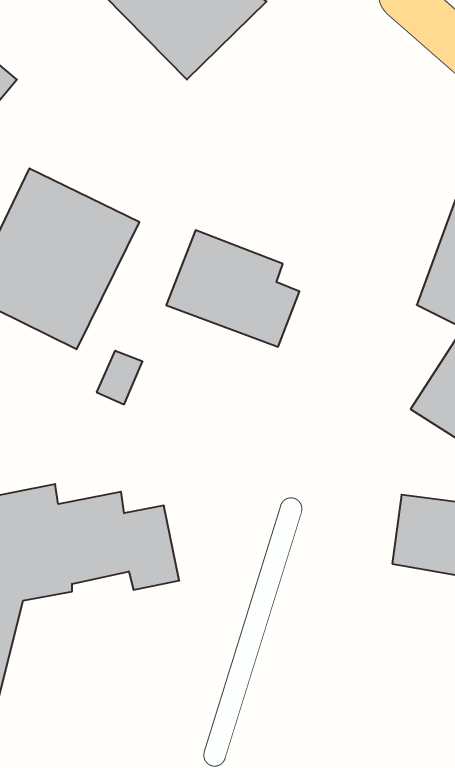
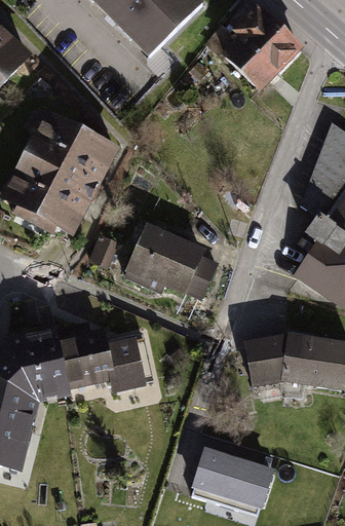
building: none -> [231,6,302,85]
building: [166,230,300,347] -> [127,223,217,301]
building: none -> [242,332,290,384]
building: none -> [189,448,271,509]

